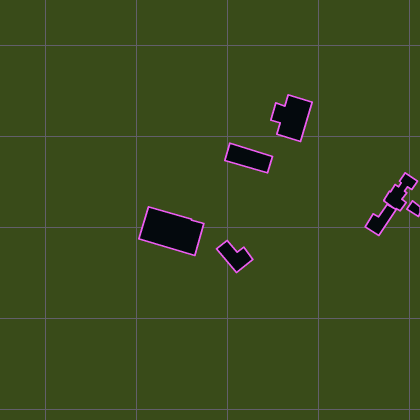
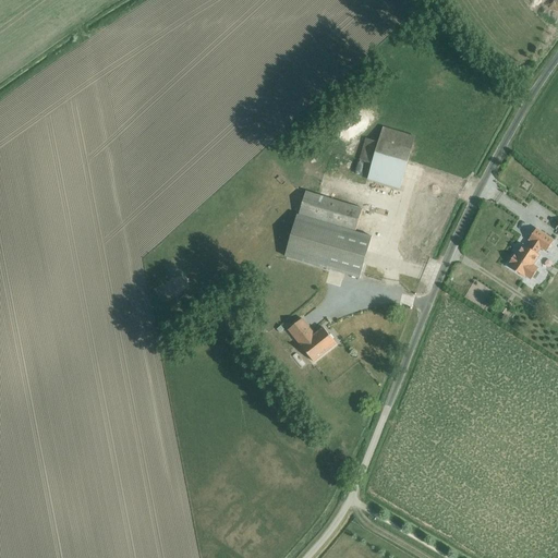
building: [365,204,396,236] -> none
building: [139,207,204,255] -> [284,213,371,277]

